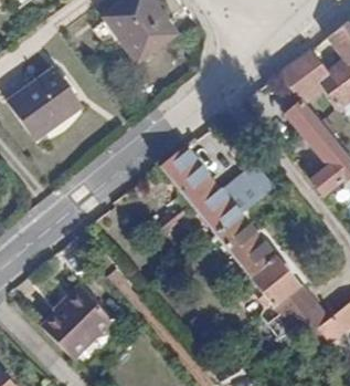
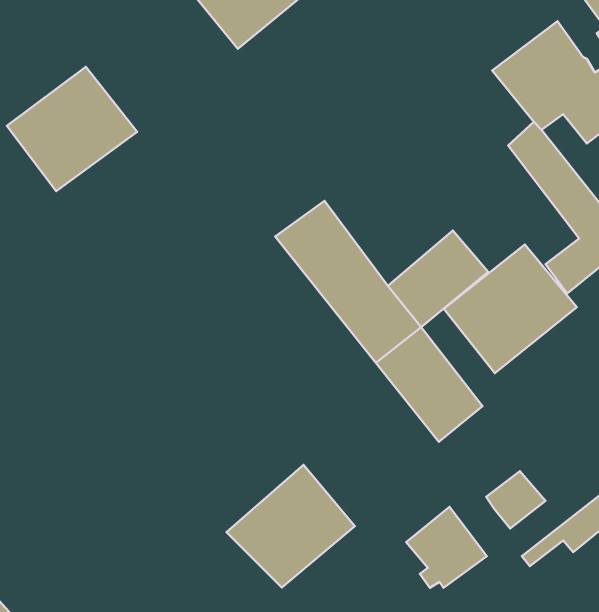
building: none -> [444,245,577,373]
building: [251,259,296,304] -> [406,507,487,588]
building: [44,288,116,356] -> [227,465,355,587]

